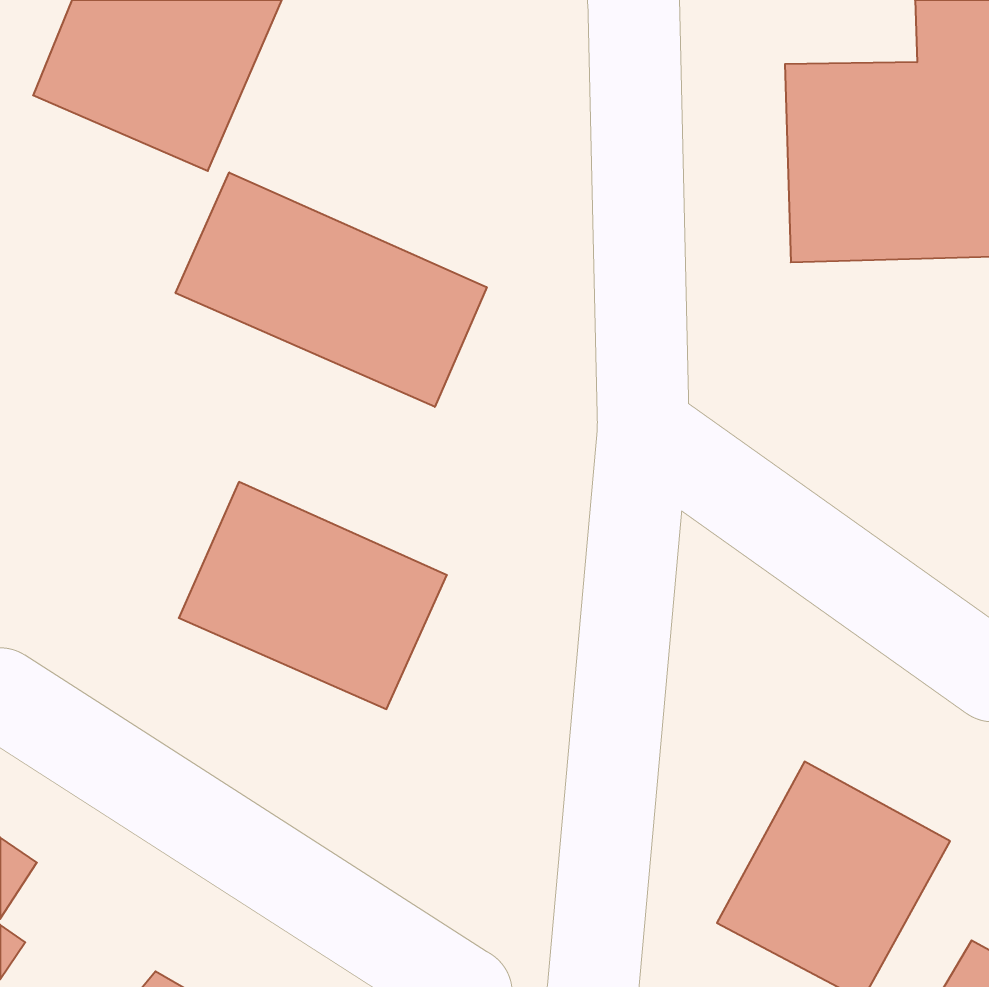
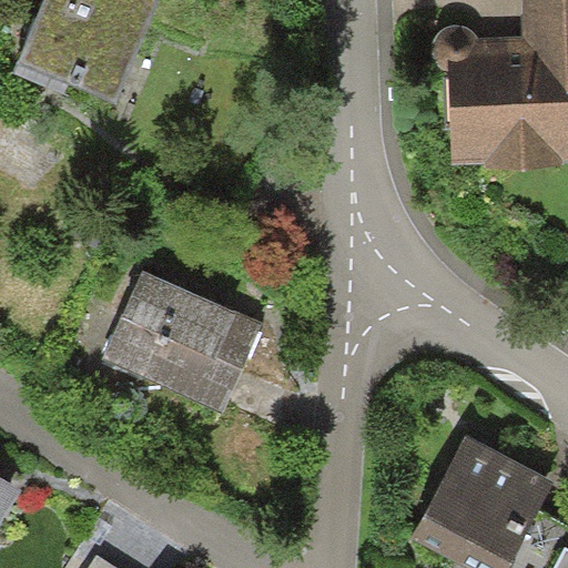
building: [176,172,487,407] -> none

